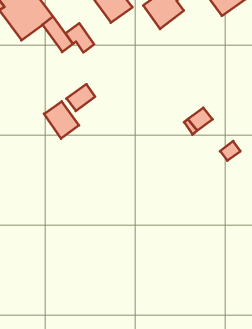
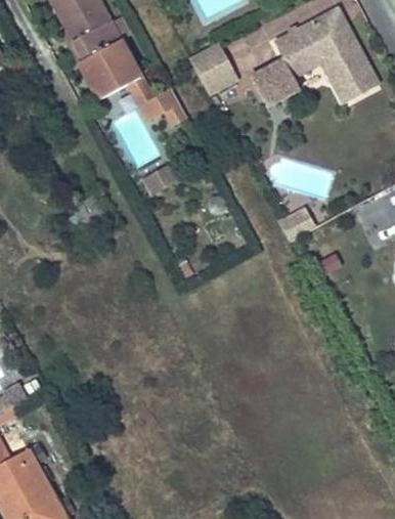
building: [44,101,79,139] -> none

